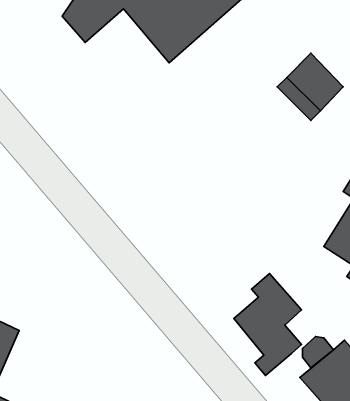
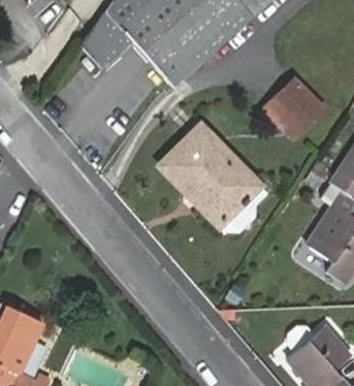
building: none -> [161,126,261,221]
building: [234,273,302,376] -> none

